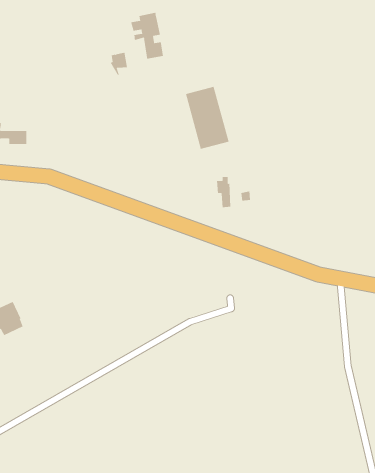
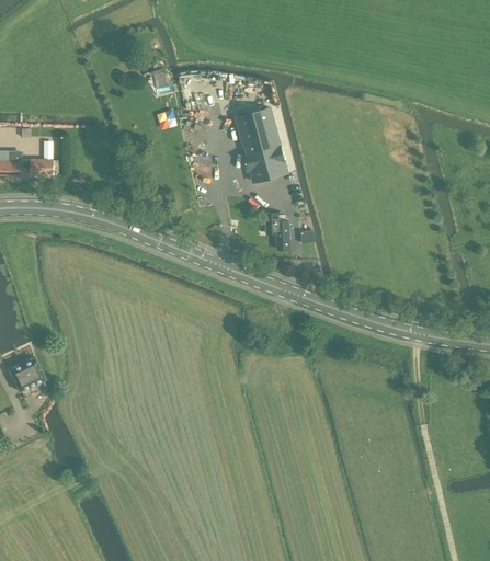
building: [131,12,164,60] -> none

